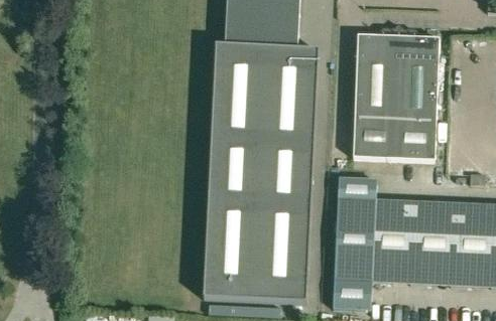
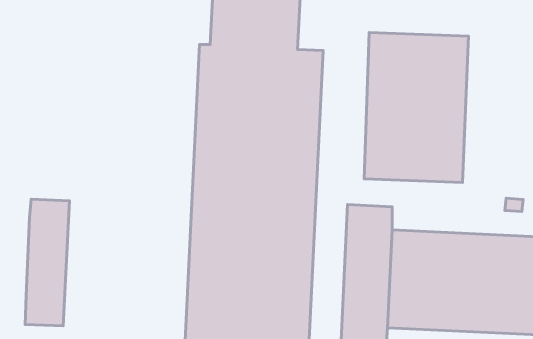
building: none -> [25,199,69,326]

